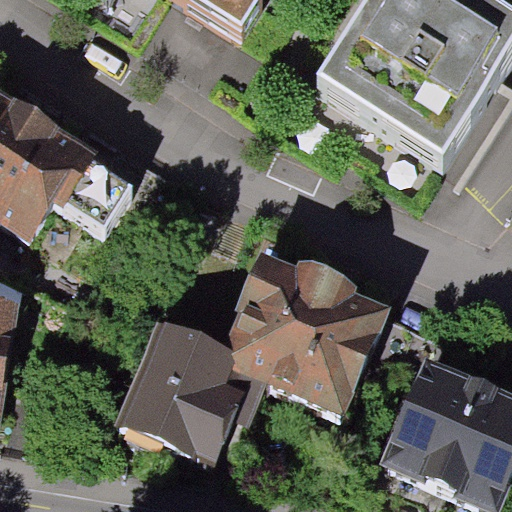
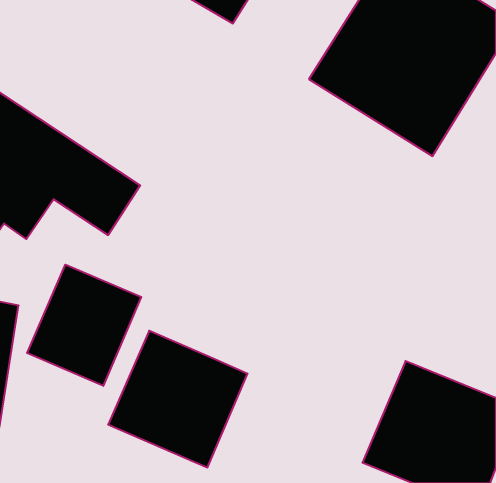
building: [220,259,390,423] -> none
building: none -> [27,265,141,386]

